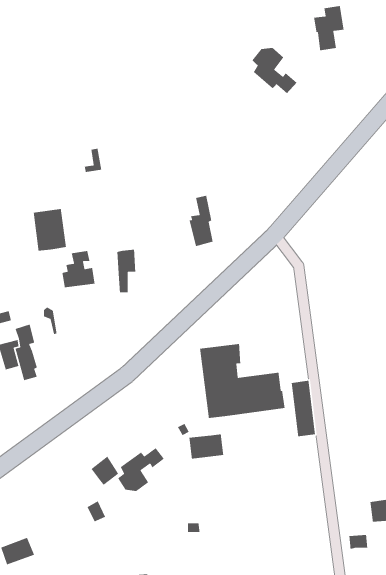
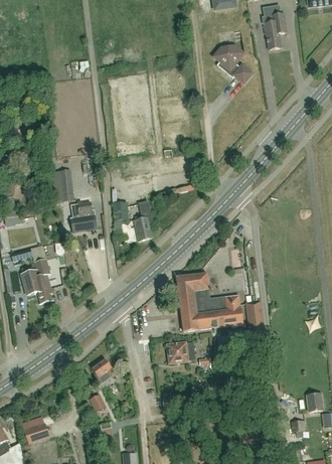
building: [188,195,215,247] -> [133,200,153,241]
building: [117,447,165,492] -> none

